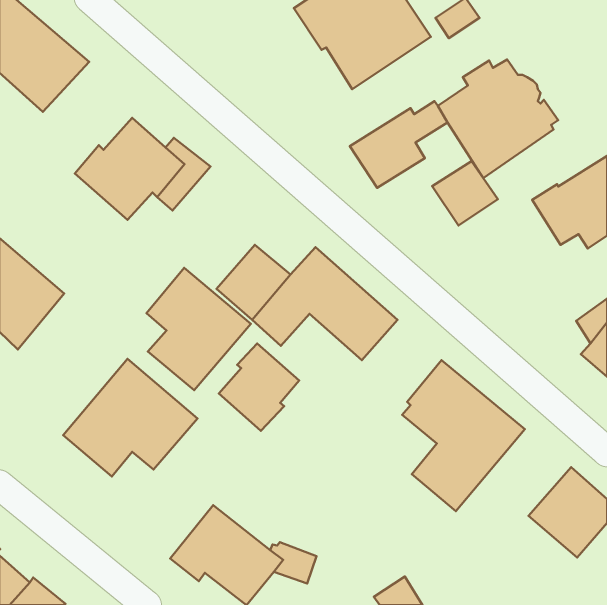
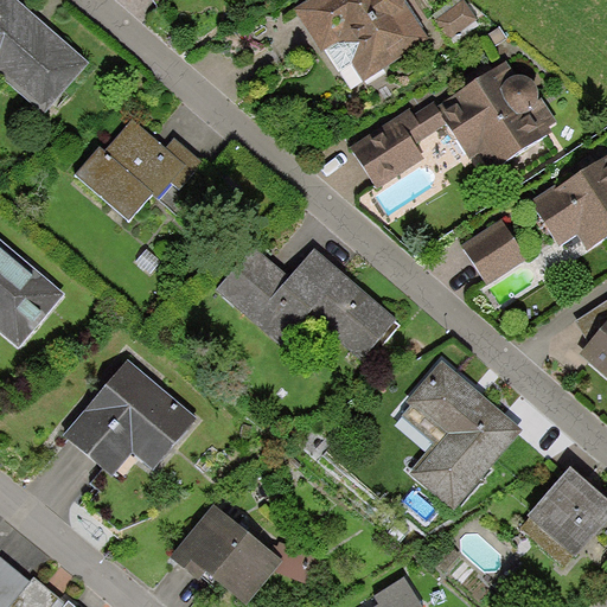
building: [432,161,498,225] -> [461,219,526,283]
building: [146,268,251,390] -> none
building: [219,343,299,431] -> none

